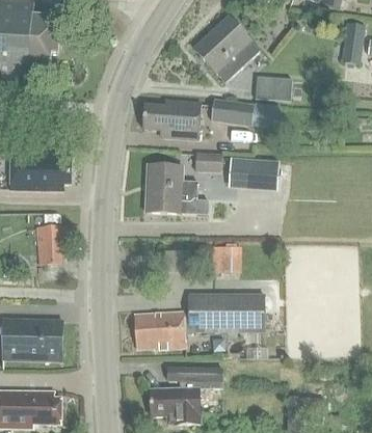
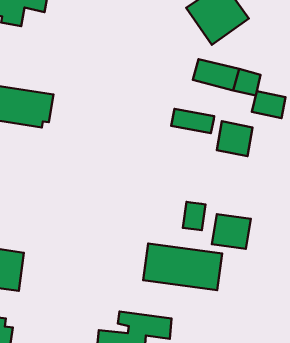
building: [258,76,290,100] -> [252,91,285,118]
building: [141,100,198,138] -> none
building: [144,163,197,213] -> none
building: [36,224,67,263] -> none
building: none -> [212,214,251,249]
building: [134,309,185,348] -> none

